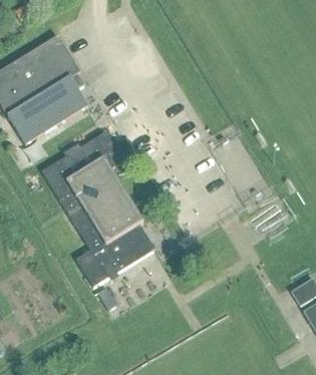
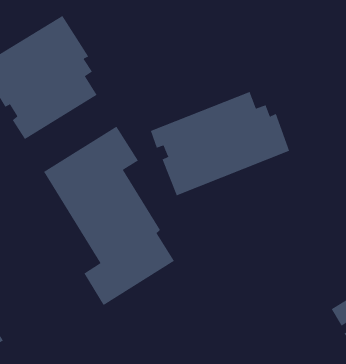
building: none -> [150,91,290,196]

